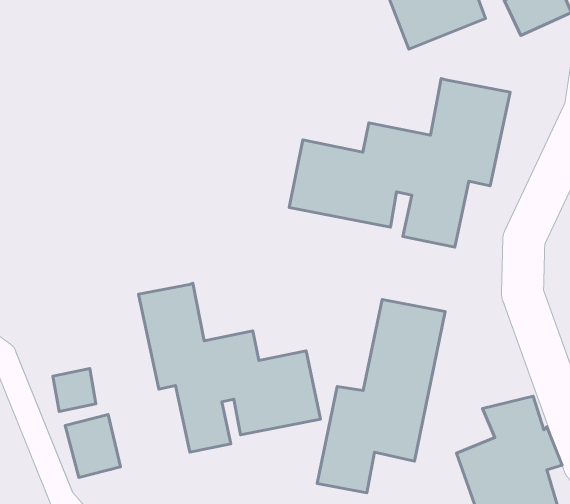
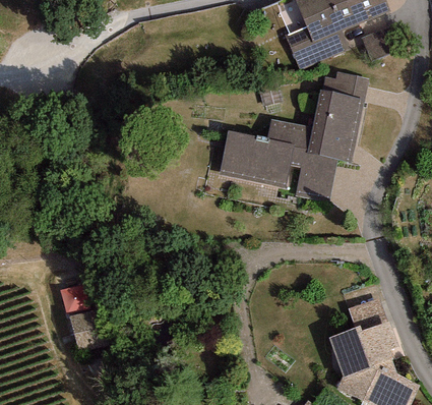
building: none -> [322,71,369,99]
building: [138,283,320,452] -> none
building: [317,299,445,493] -> none

